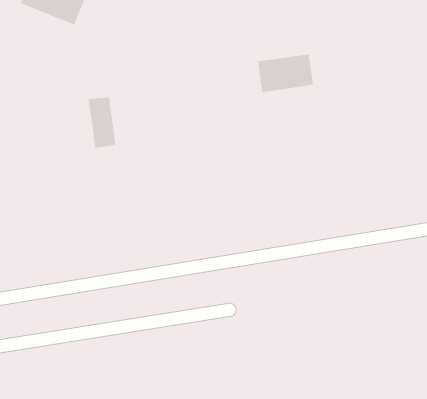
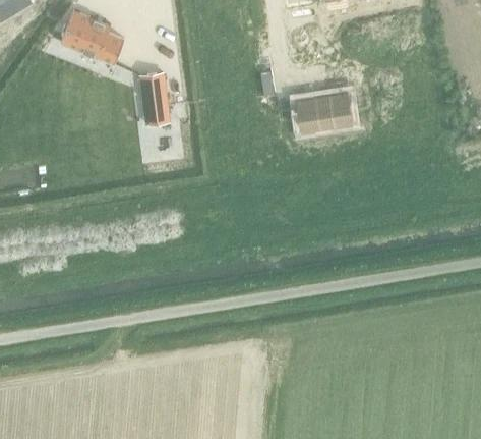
building: [87,97,116,148] -> [139,75,168,126]

